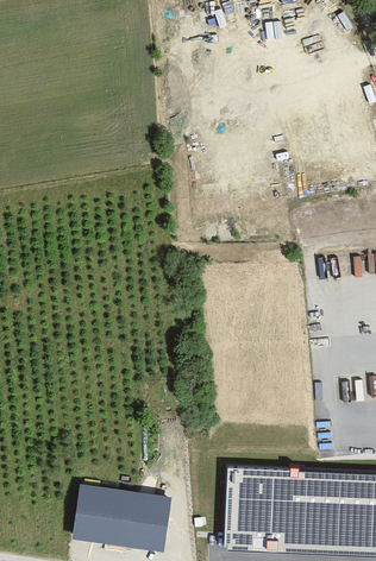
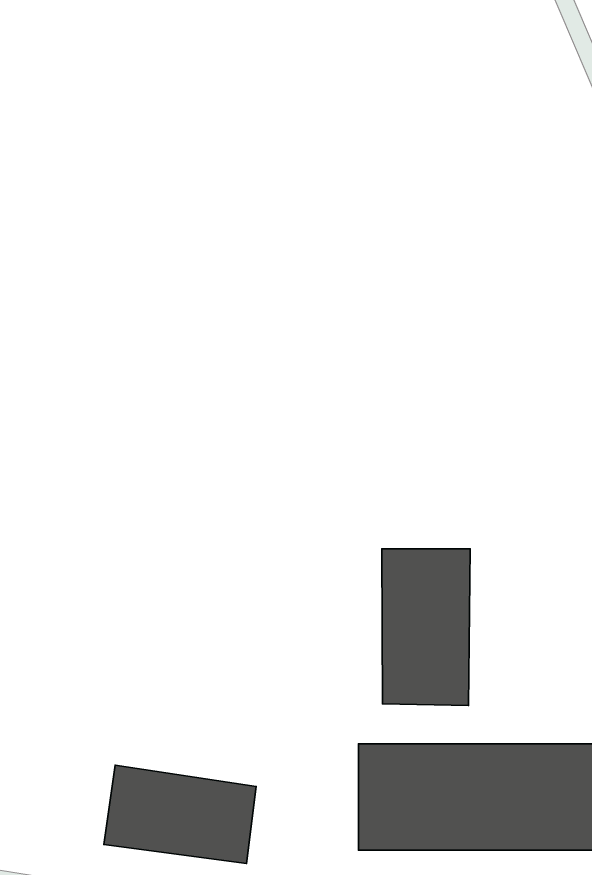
building: none -> [382,549,470,706]

